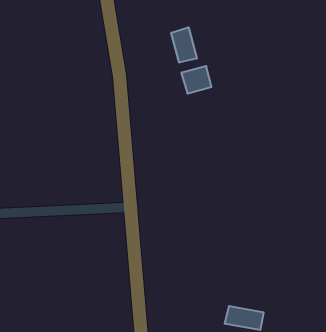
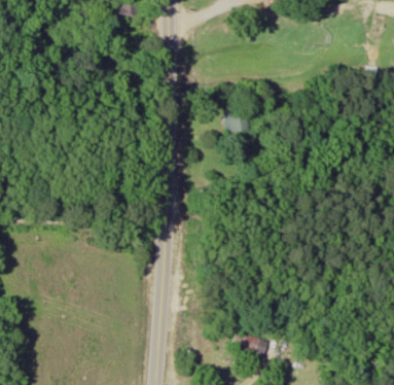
building: [171,27,197,63] -> none

